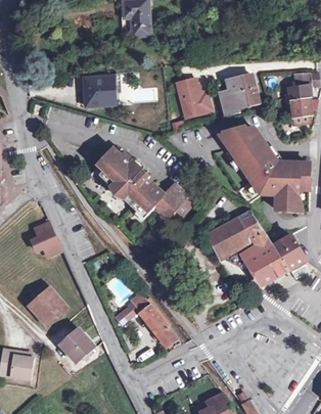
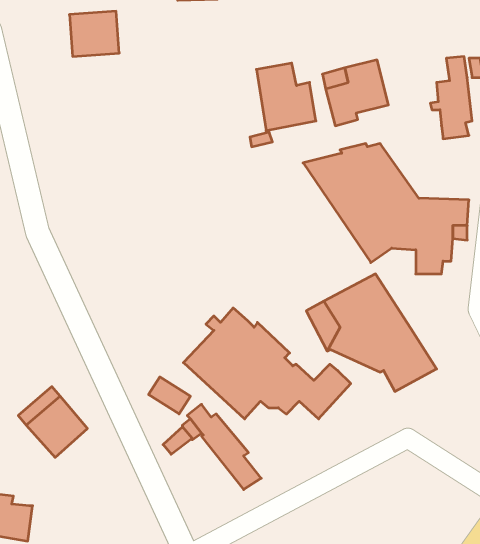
building: [84,77,116,105] -> [69,11,119,56]
building: [82,147,188,218] -> [183,308,351,419]
building: [32,222,62,257] -> none
building: [273,234,306,270] -> none
building: [60,328,95,362] -> none

